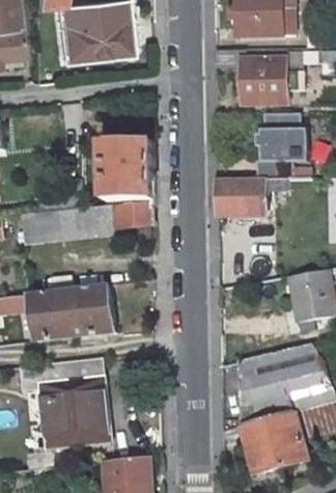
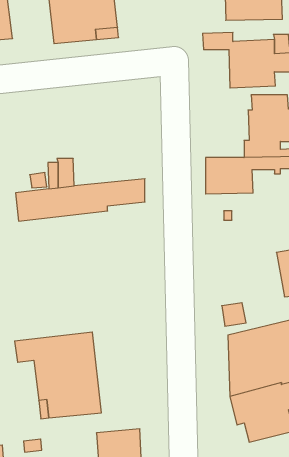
building: [102,140,153,201] -> none
building: [26,284,112,341] -> none

